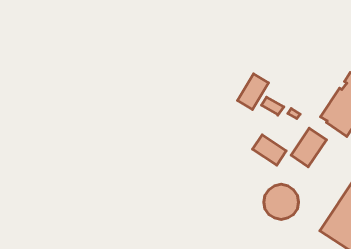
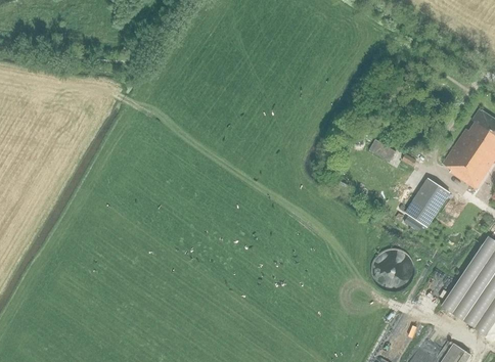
building: [237,74,268,110] -> none
building: [253,135,286,165] -> none

